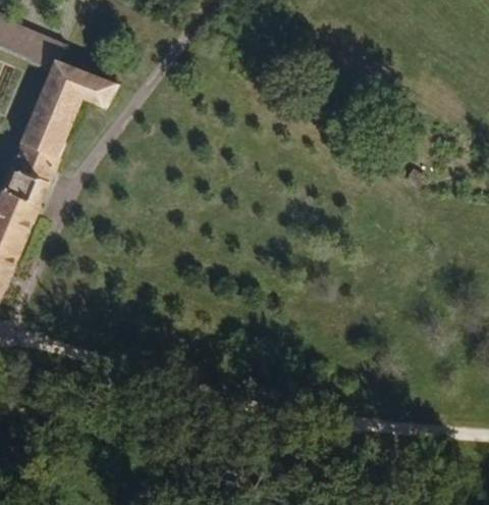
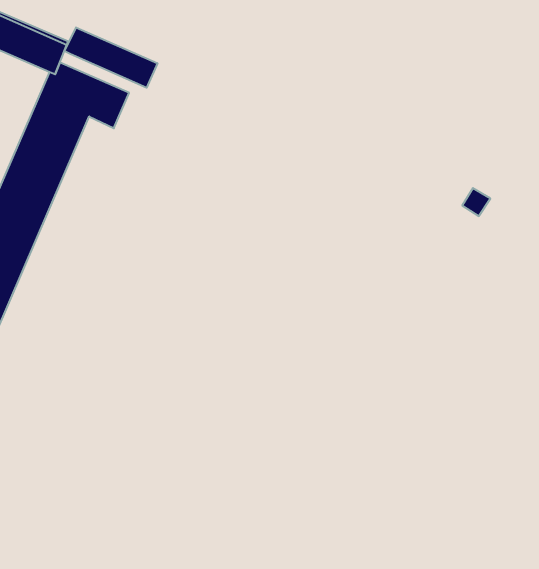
building: none -> [64,27,157,88]

